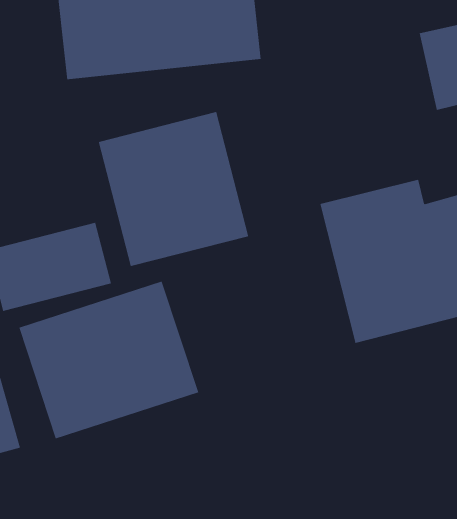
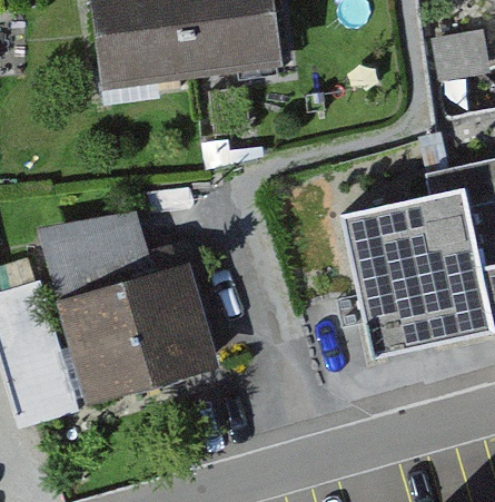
building: [98,111,249,267] -> none

